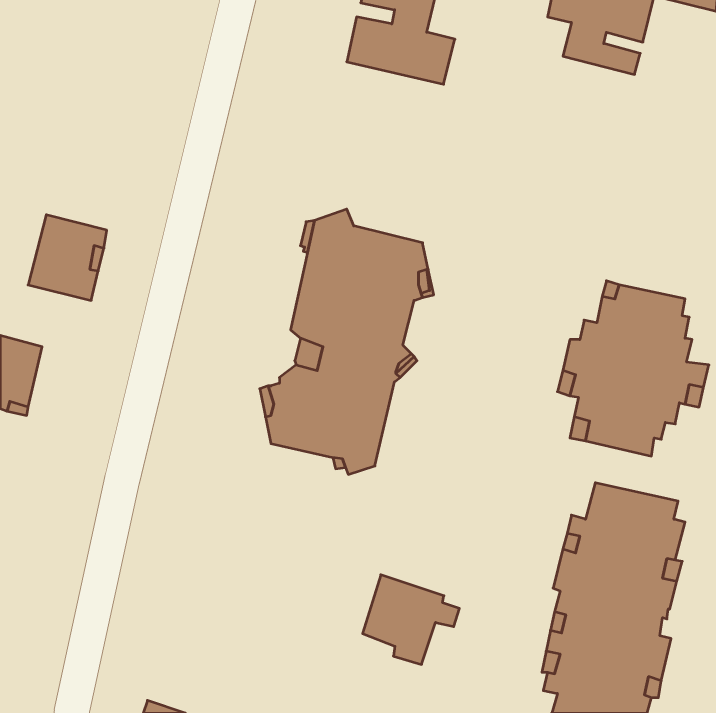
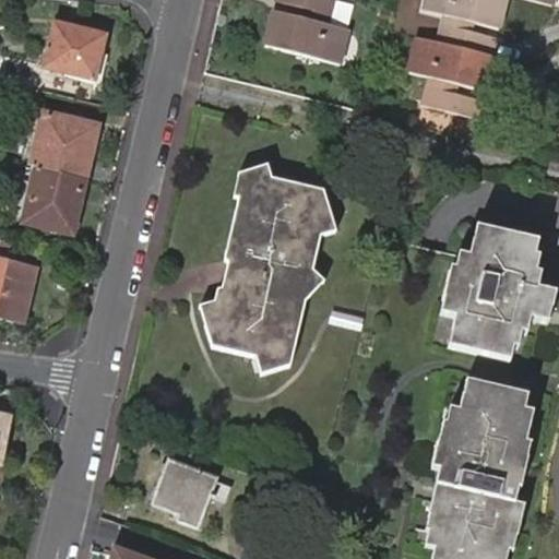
building: none -> [46,22,105,76]
building: none -> [412,39,495,122]
building: none -> [20,109,96,179]
building: [363,575,459,664] -> [153,456,228,526]

